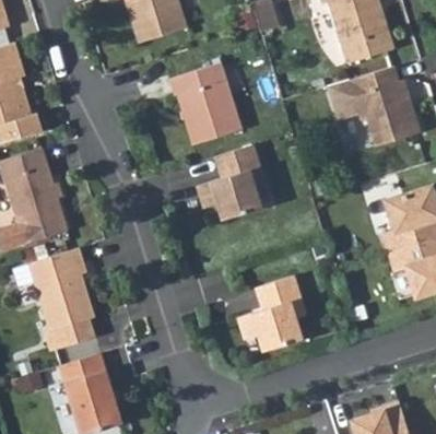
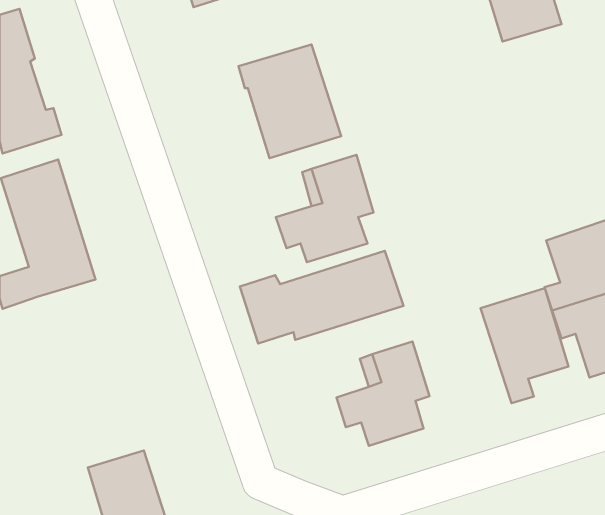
building: [327,68,420,145] -> none
building: none -> [240,251,403,344]
building: none -> [481,288,569,403]
building: [21,250,86,354] -> none

